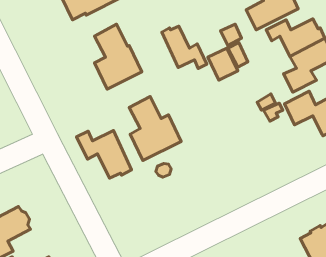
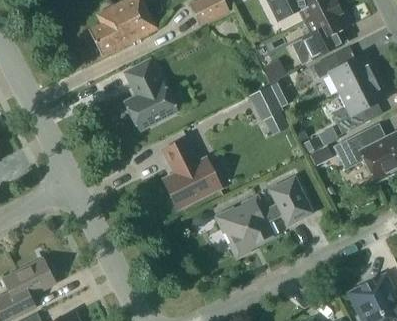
building: [162,26,207,68] -> none
building: [77,130,132,178] -> none
building: none -> [216,176,313,257]

